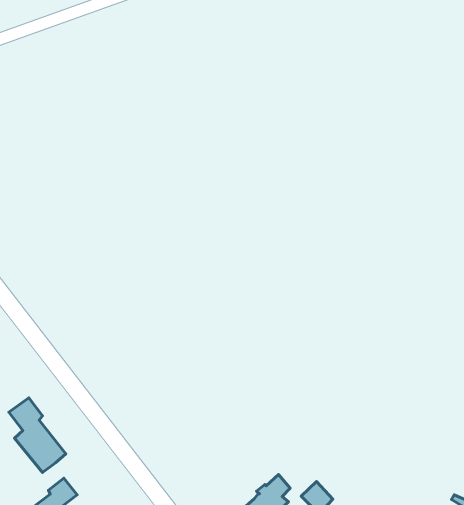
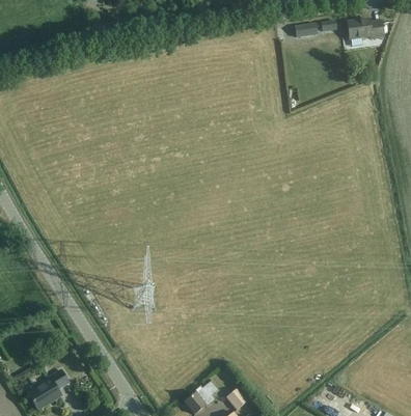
building: [9,398,66,473] -> none

